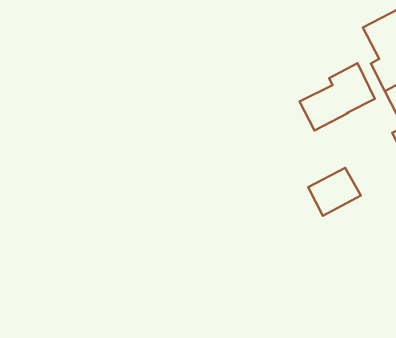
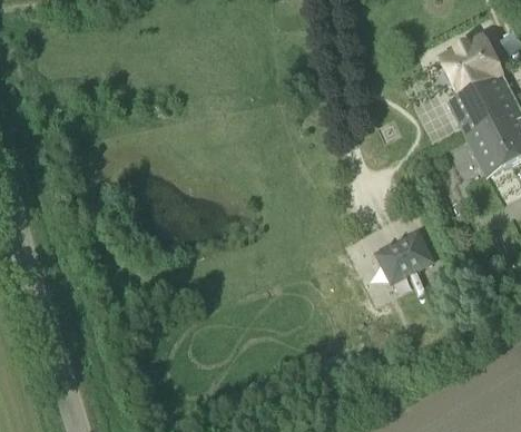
building: [300,63,375,130] -> none

